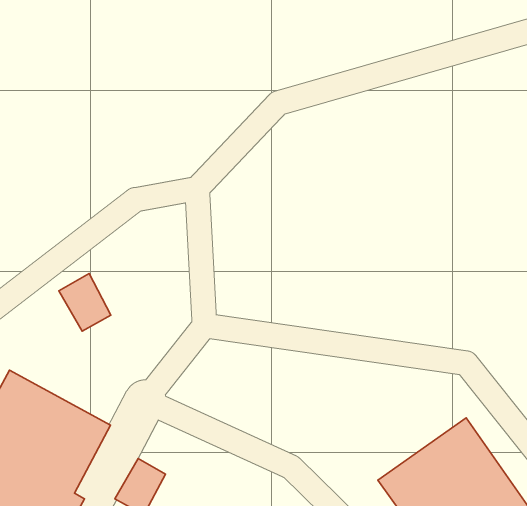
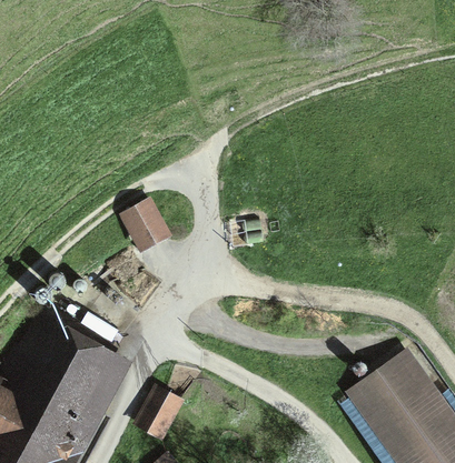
building: [59,273,111,331] -> [125,194,165,239]

